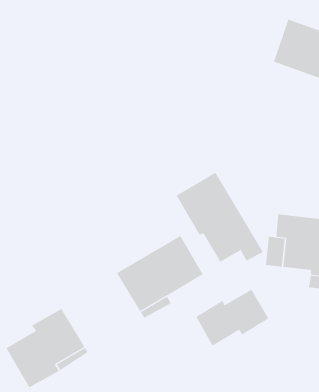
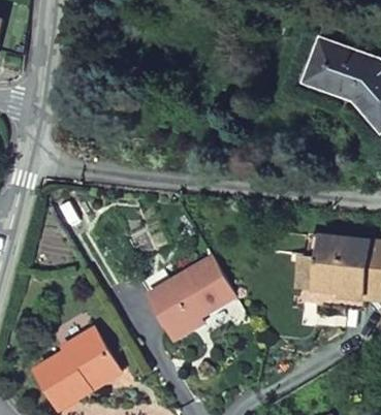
building: [176,172,264,263] -> none
building: [195,289,269,346] -> none

